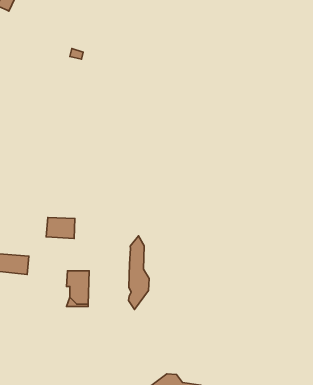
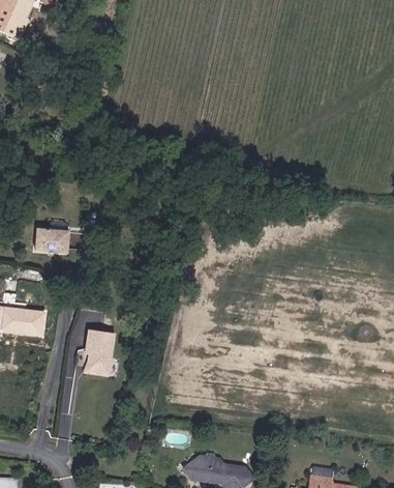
building: [46,218,75,239] -> [32,228,66,253]
building: [129,236,149,310] -> none

